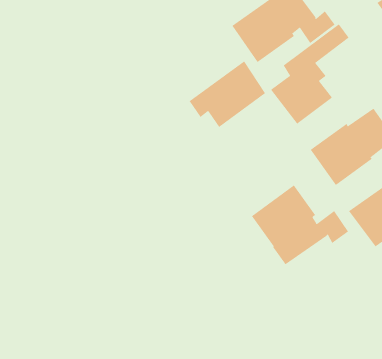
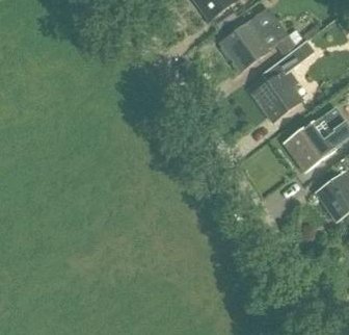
building: [189,61,266,128] -> none
building: [251,185,349,265] -> none

